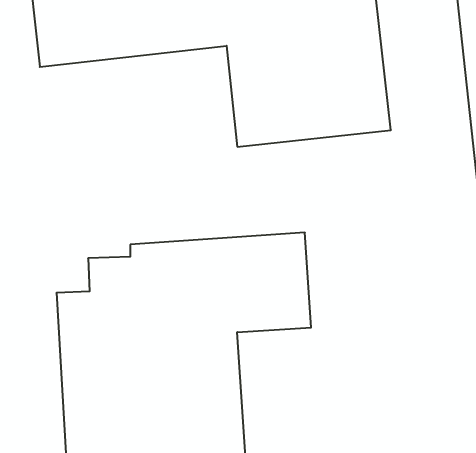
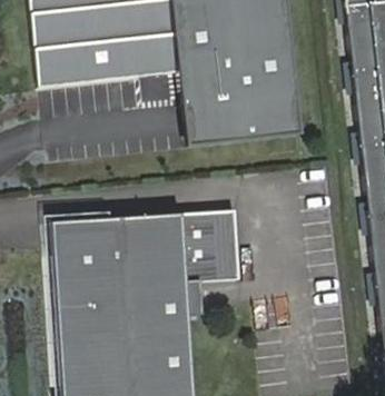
building: none -> [51,217,107,253]

